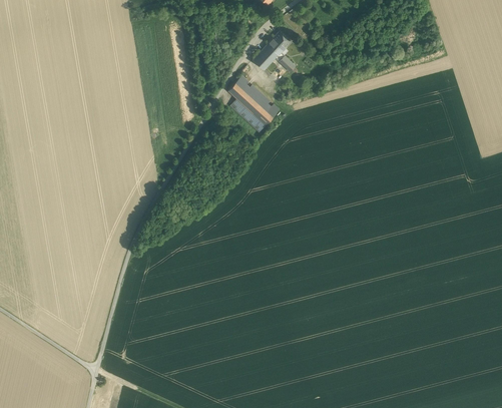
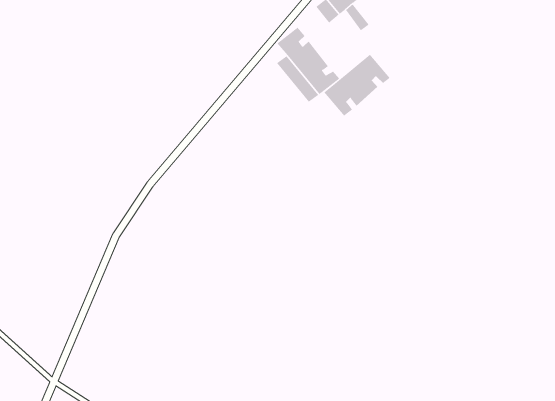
building: none -> [323,54,391,116]

